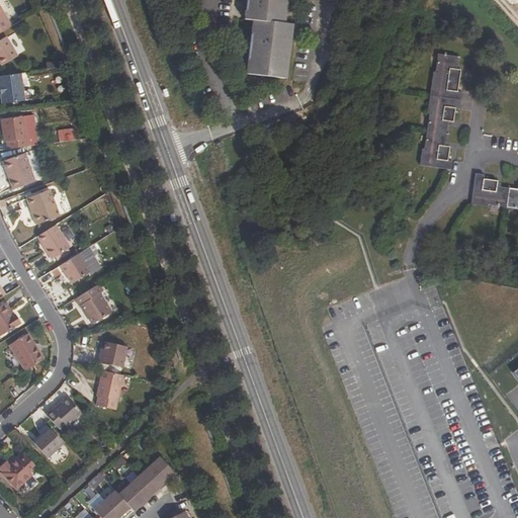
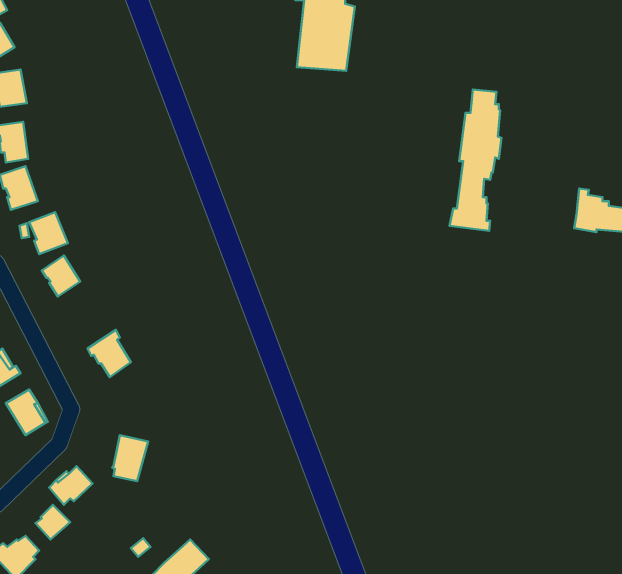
building: [419,51,461,166] -> [449,89,501,231]
building: [60,254,88,282] -> none
building: [98,342,126,367] -> none

